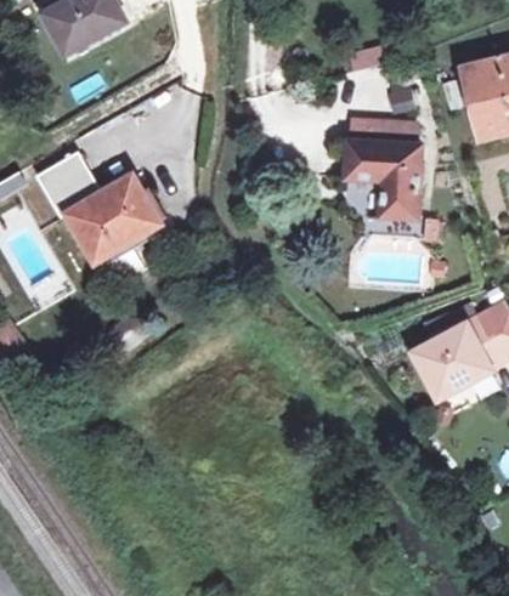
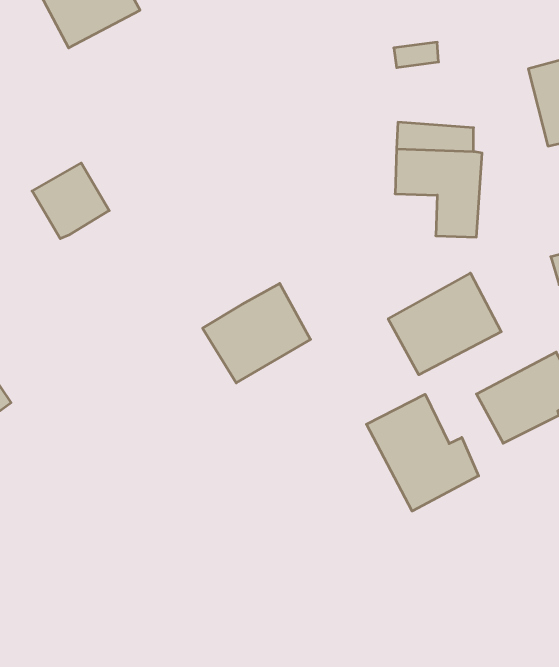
building: [64,175,158,261] -> [203,283,311,383]
building: none -> [388,273,501,375]
building: none -> [366,394,479,511]

